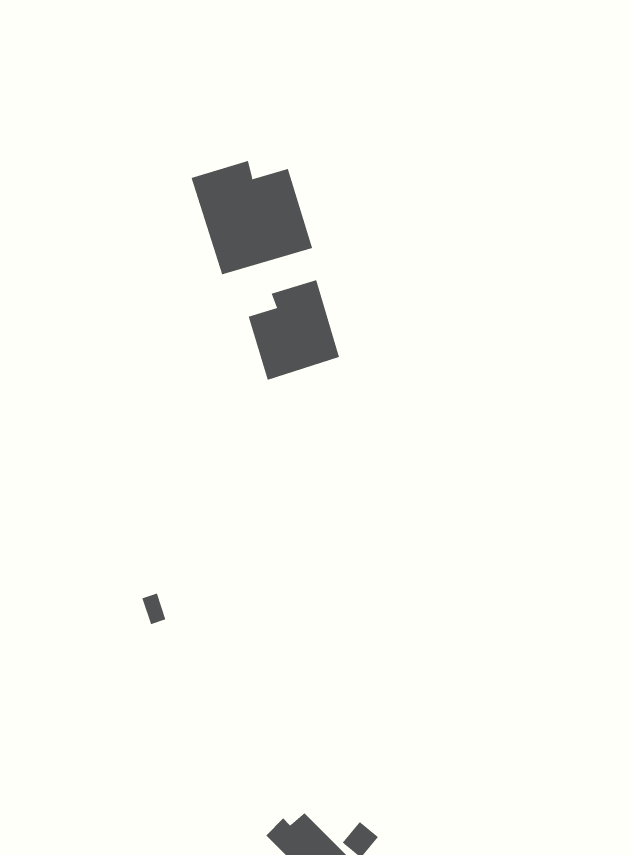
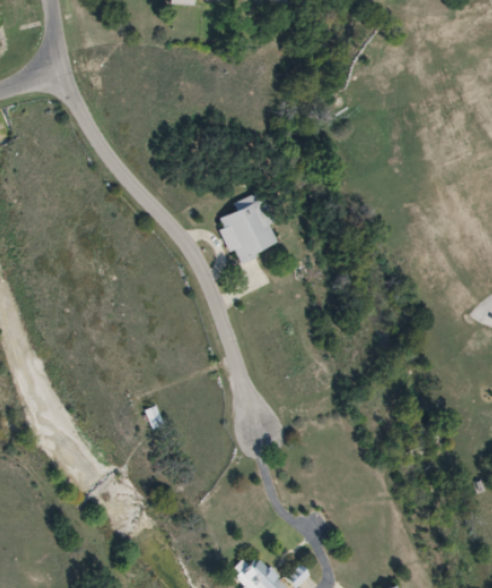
building: [191,160,313,275] -> none

